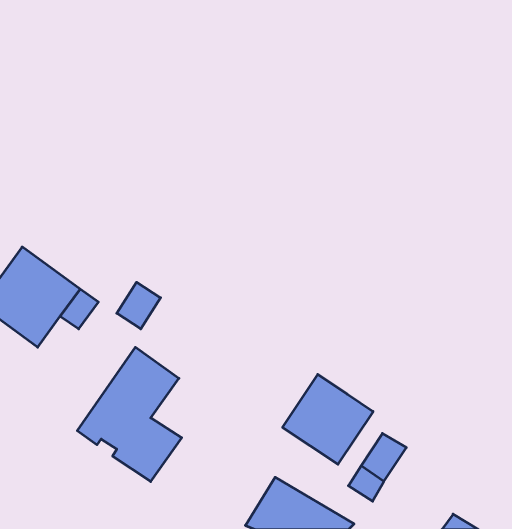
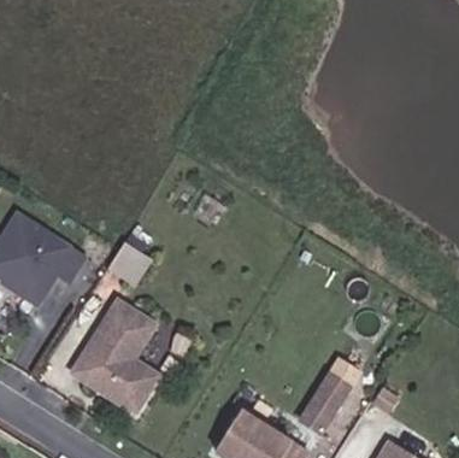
building: [283,374,373,464] -> none

